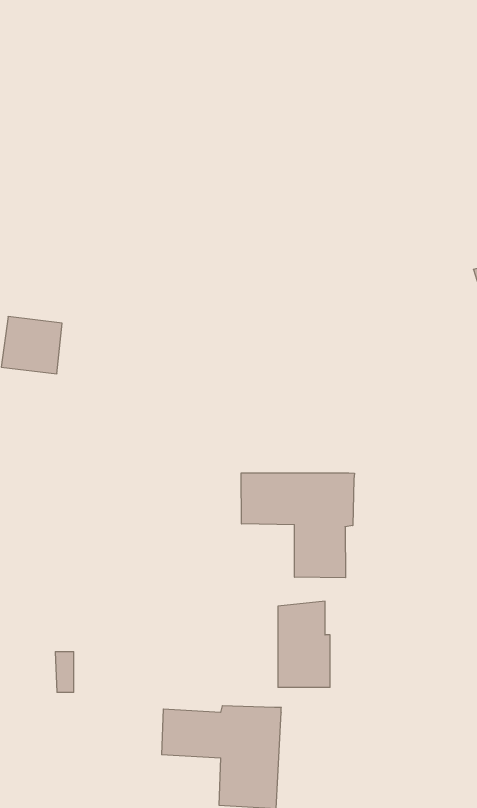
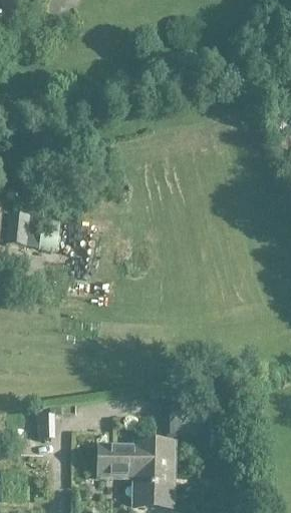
building: [241,473,354,578] -> none

